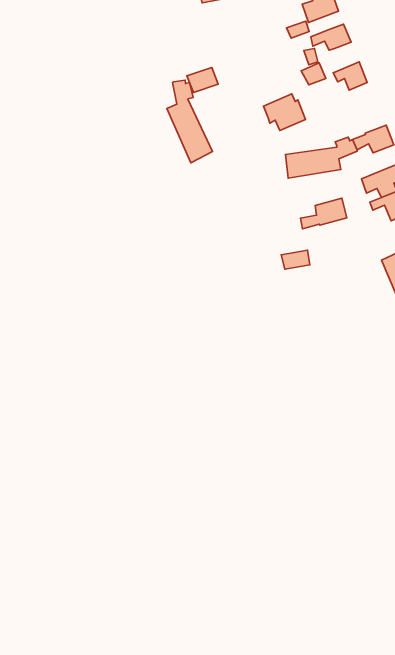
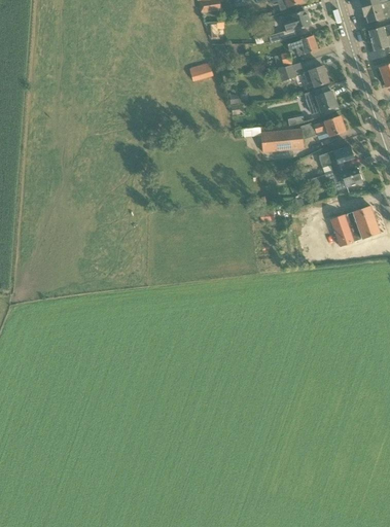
building: [167,80,213,163] -> none
building: [263,94,306,130] -> [305,86,336,114]
building: [300,198,347,229] -> none

